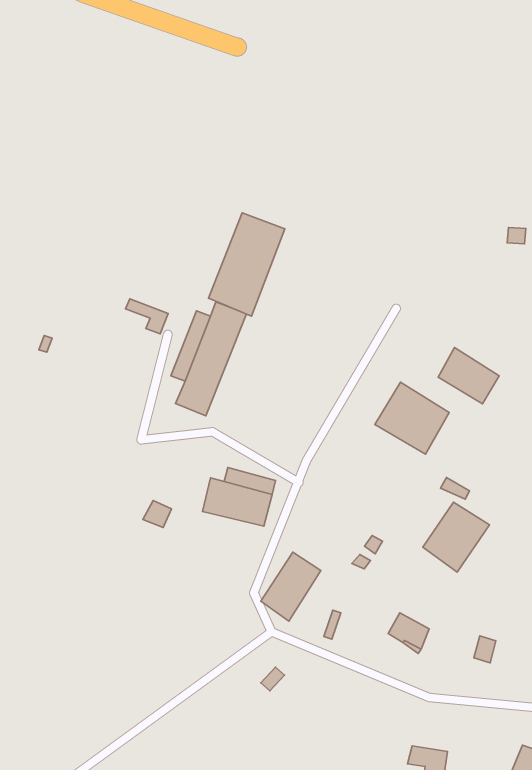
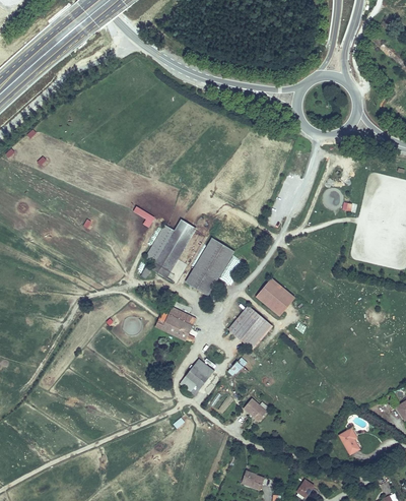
building: [208,213,285,316] -> [185,236,231,292]
building: [438,347,499,404] -> none
building: [423,502,490,572] -> [231,307,269,345]

